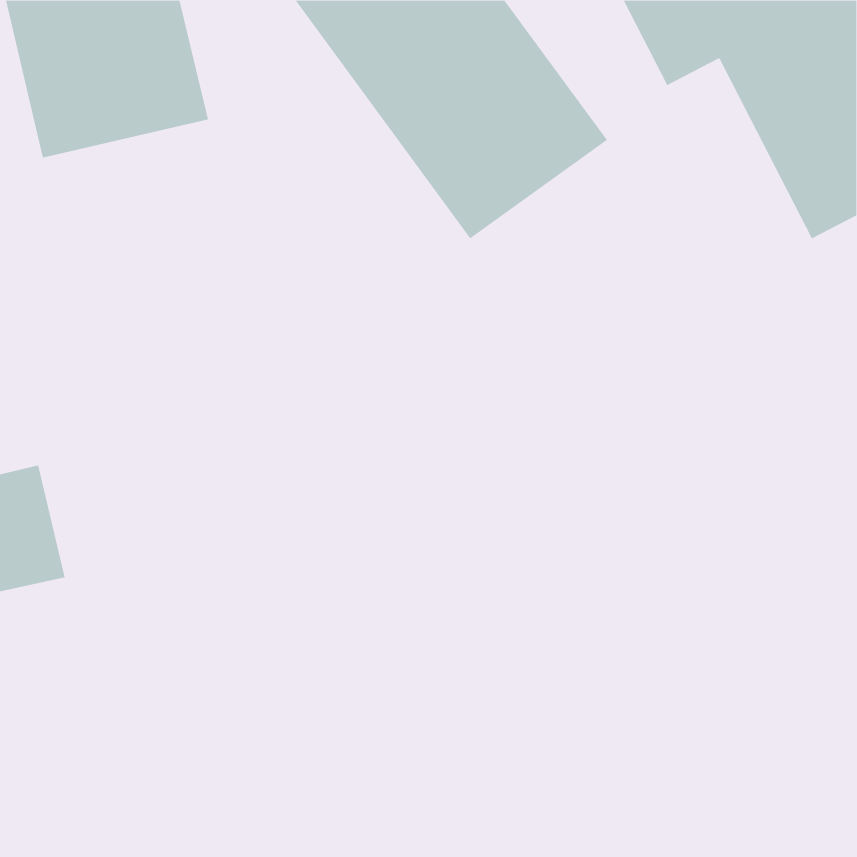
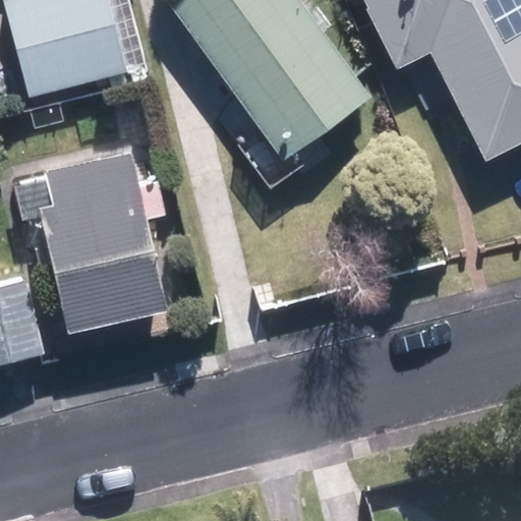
building: none -> [41,156,161,330]

